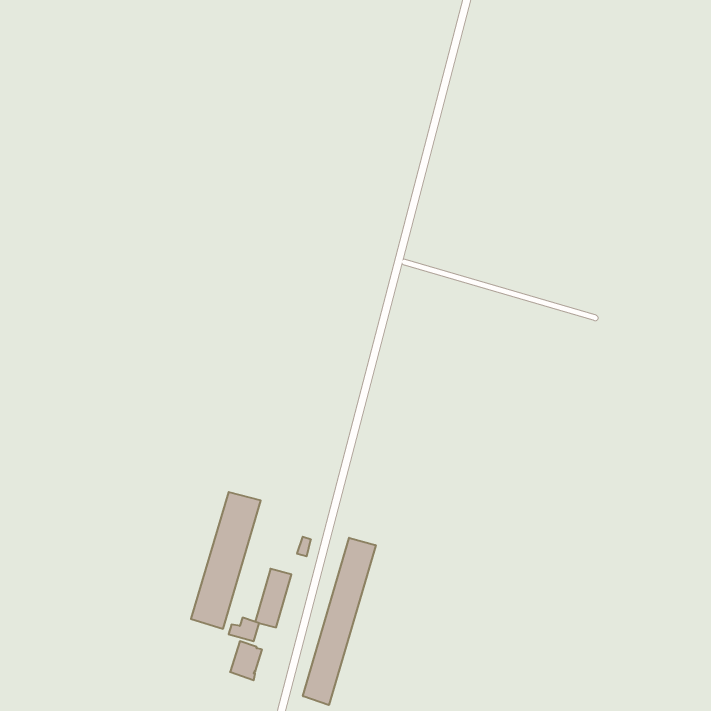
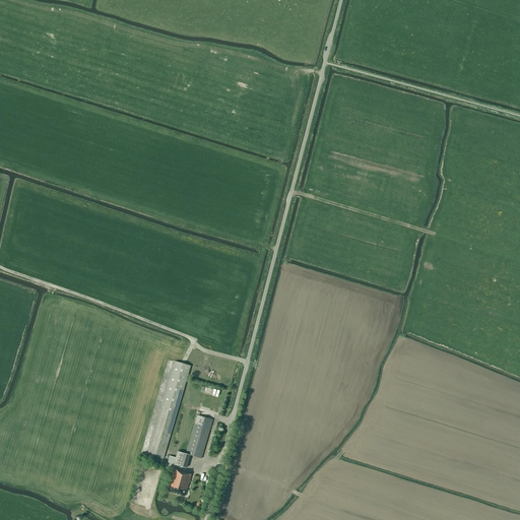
building: [303,538,376,705] -> none

